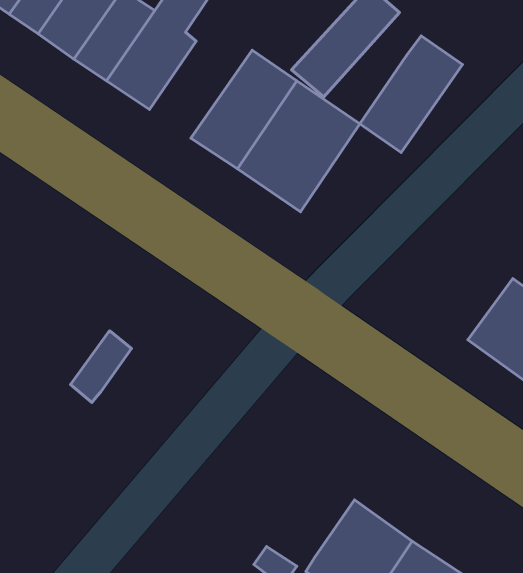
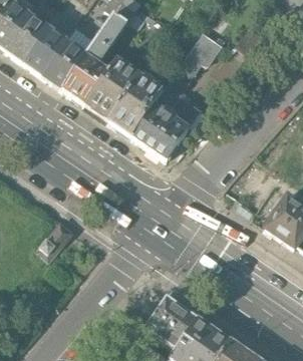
building: [360,36,462,153] -> [84,50,141,115]
building: none -> [149,297,199,349]

